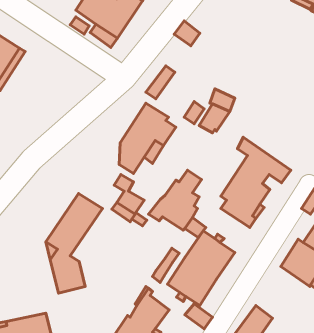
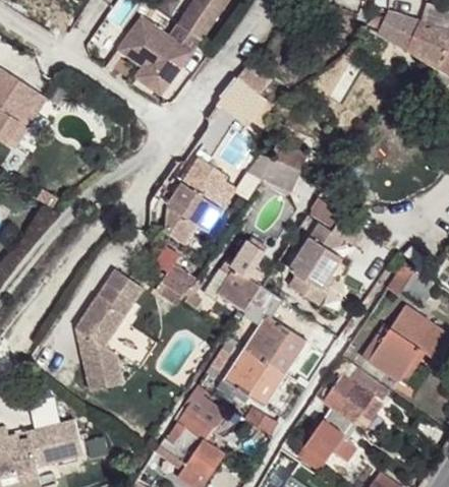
building: none -> [325,368,389,430]

